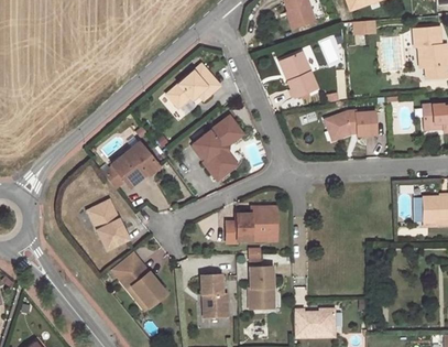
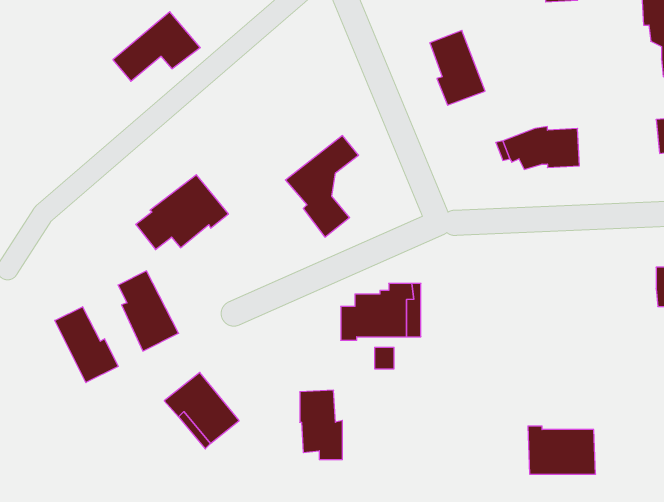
building: [167,62,221,105] -> [113,12,200,81]
building: none -> [55,307,118,383]
building: [250,267,273,310] -> none
building: [294,307,336,337] -> [528,426,596,474]

